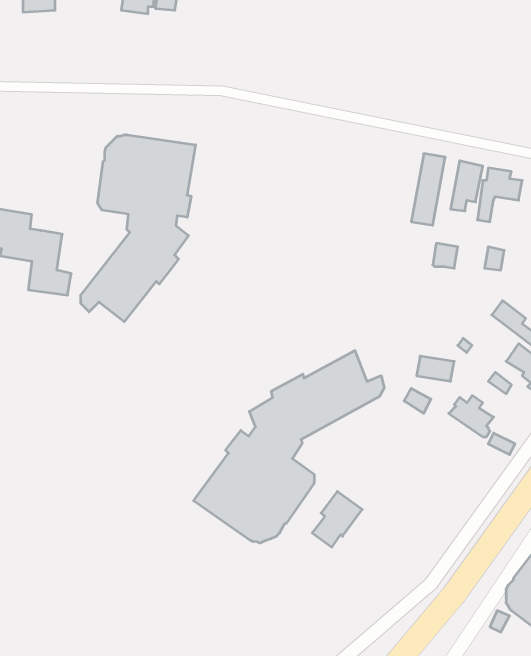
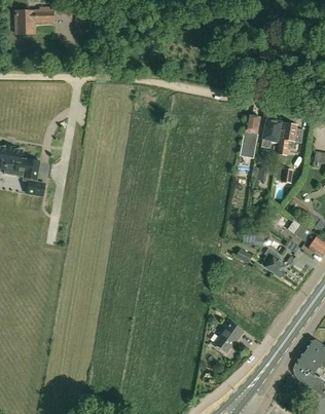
building: [81,135,196,322] -> none
building: [194,351,384,543] -> none
building: [312,491,362,547] -> [215,321,244,352]

